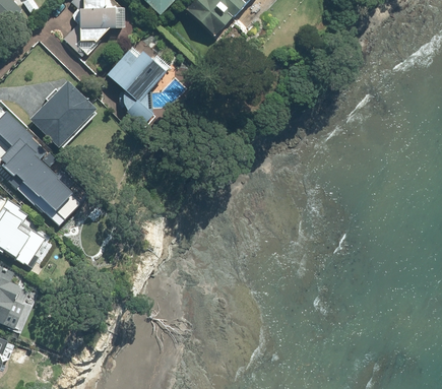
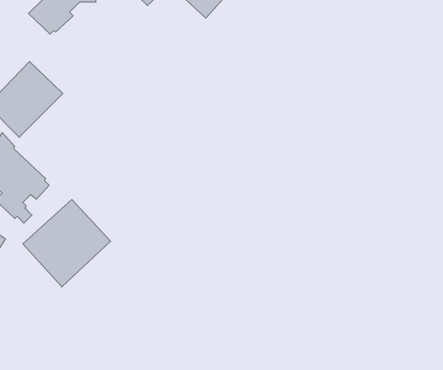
building: [106,47,170,128] -> none
building: none -> [23,200,111,287]

